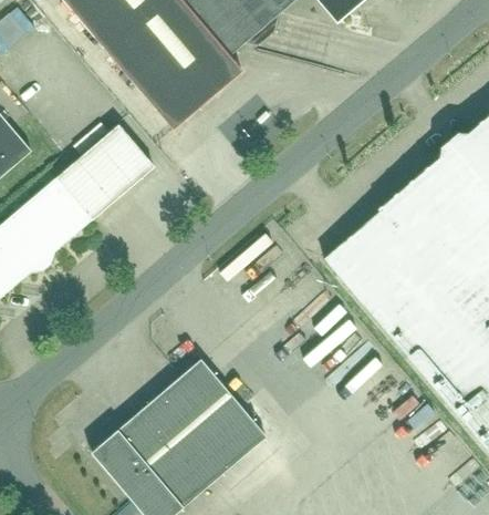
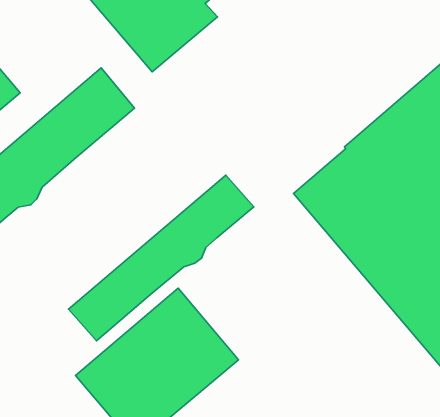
building: none -> [68,175,254,341]

